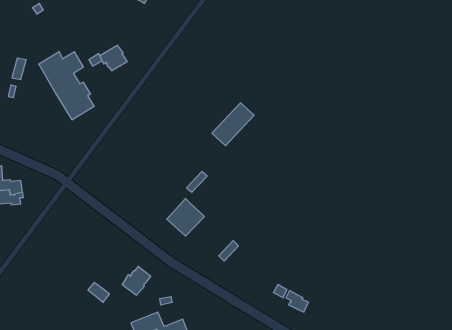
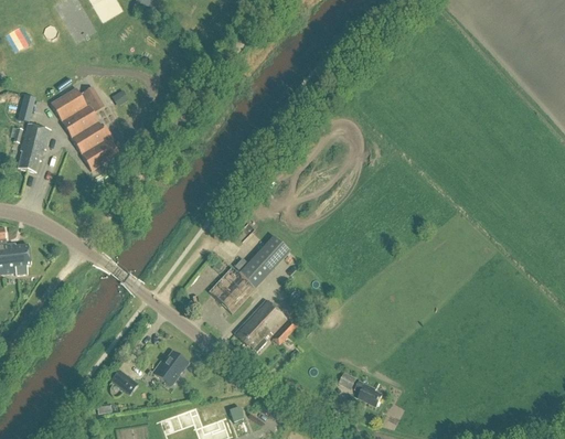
building: [100,45,127,71] -> none
building: none -> [17,121,49,170]
building: [212,103,254,146] -> [237,235,289,288]
building: none -> [233,299,286,352]

